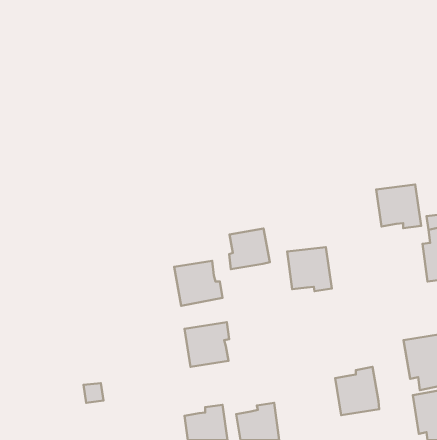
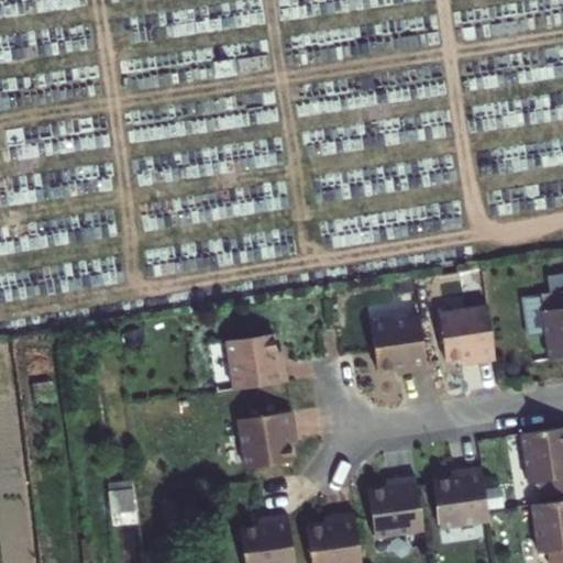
building: [376,184,421,228] -> [439,306,496,362]
building: [229,228,270,269] -> none
building: none -> [366,477,423,539]

